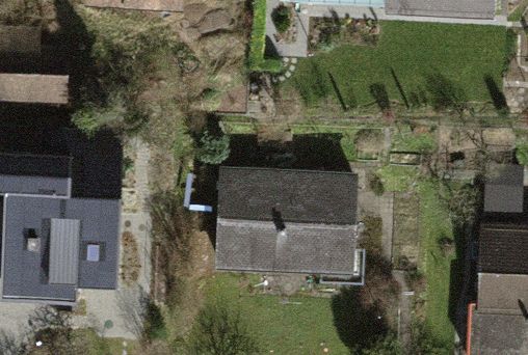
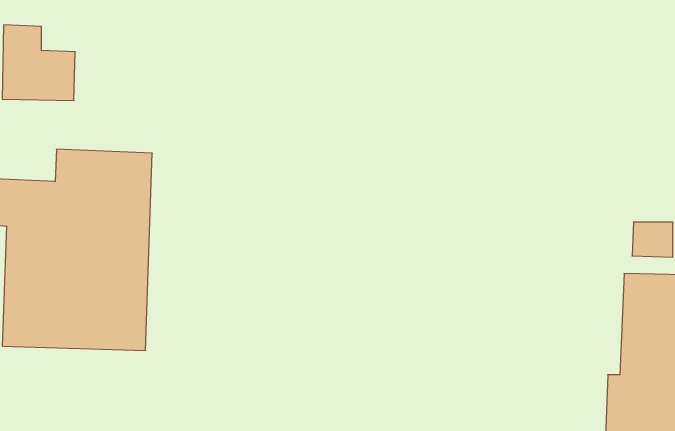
building: [220,174,353,272] -> none

